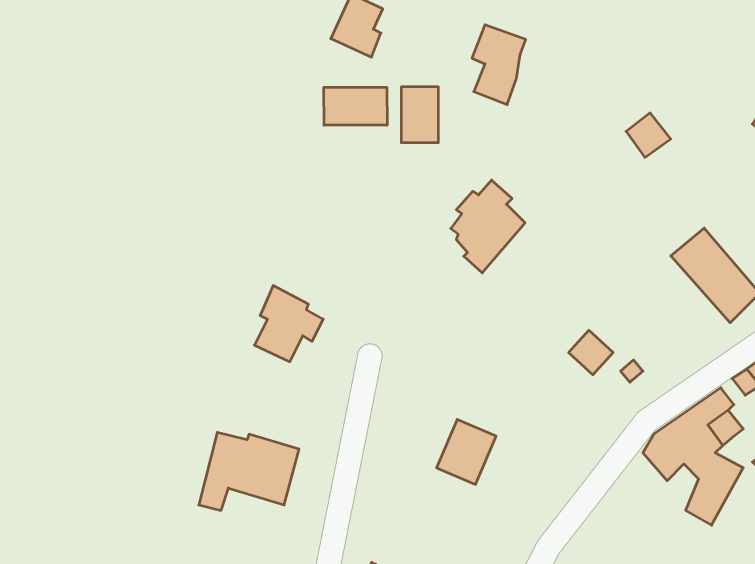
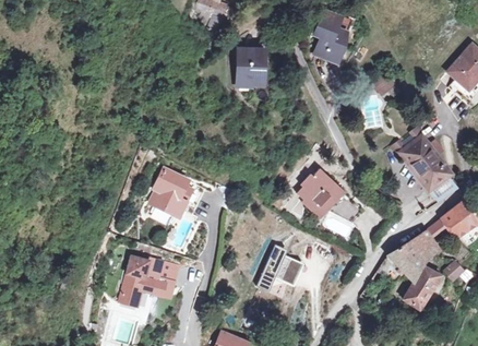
building: [472,25,526,105] -> [318,13,349,60]
building: [324,87,387,125] -> none
building: [451,180,525,273] -> [298,164,342,218]

